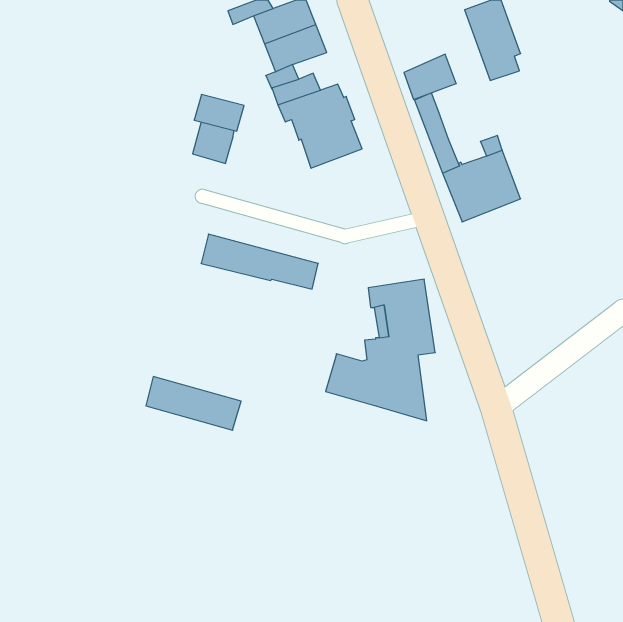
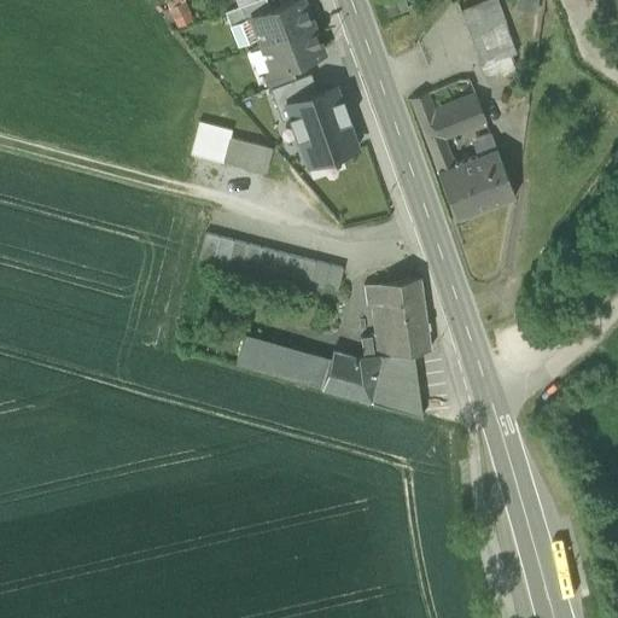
building: [404,54,456,99] -> [435,94,486,139]
building: [194,95,244,131] -> [223,138,273,174]
building: none -> [309,262,344,295]
building: [146,377,241,430] -> [237,336,331,389]

